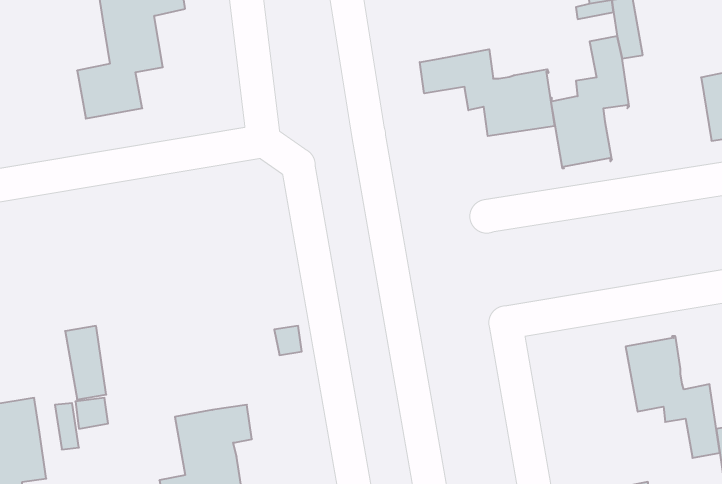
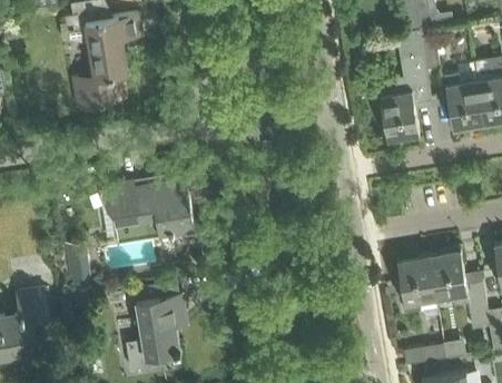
building: [420,49,555,136] -> none
building: none -> [442,73,483,129]
building: none -> [107,179,194,244]
building: none -> [396,256,437,318]

